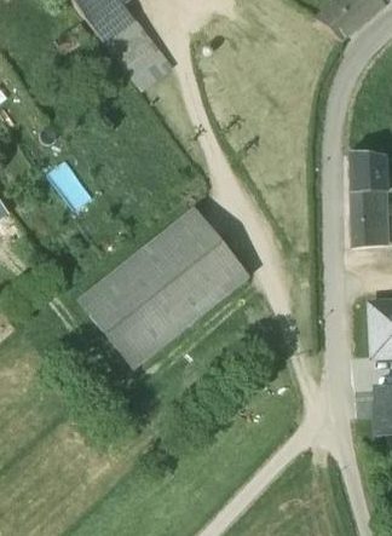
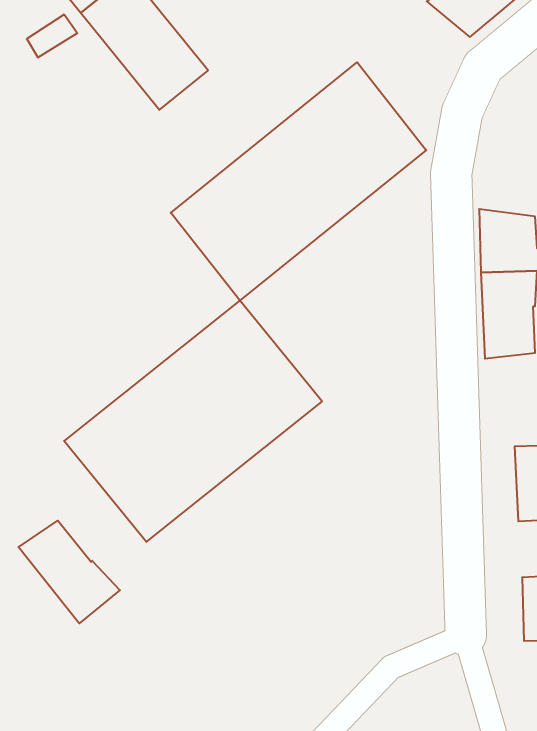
building: none -> [171,62,426,301]
building: none -> [18,521,120,623]

